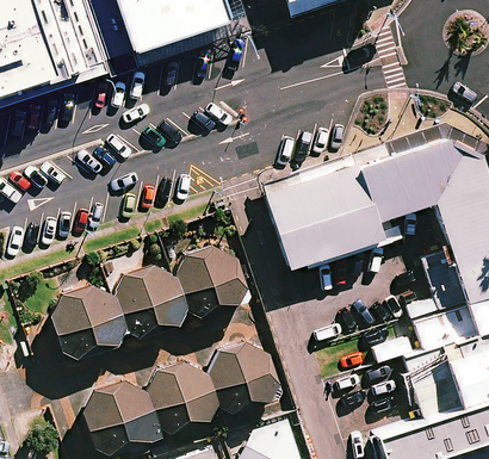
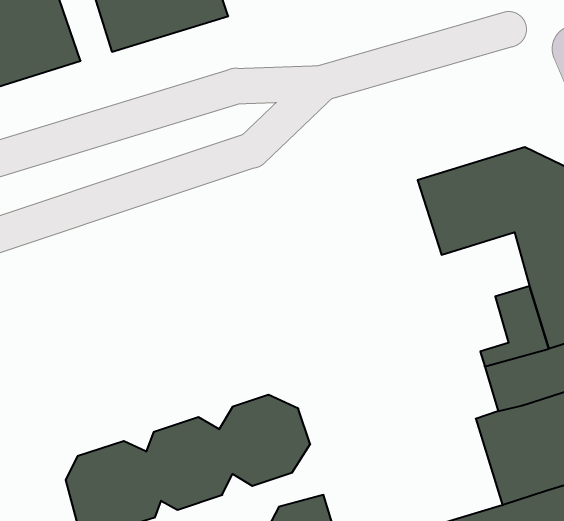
building: [270,167,385,272] -> none
building: [49,244,246,352] -> none

